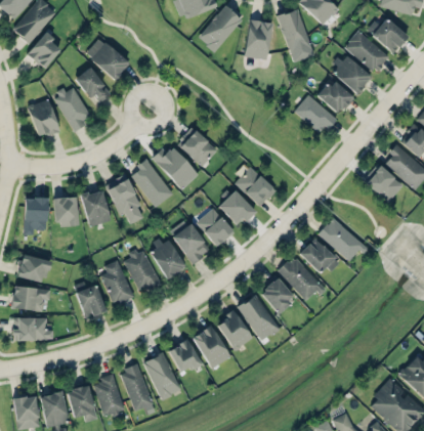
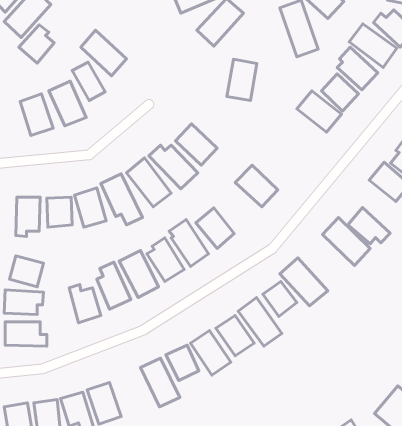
building: [244,19,272,59] -> [227,59,257,101]
building: [217,189,254,226] -> none
building: [299,238,340,272] -> [348,208,390,244]
building: [120,364,154,412] -> none

